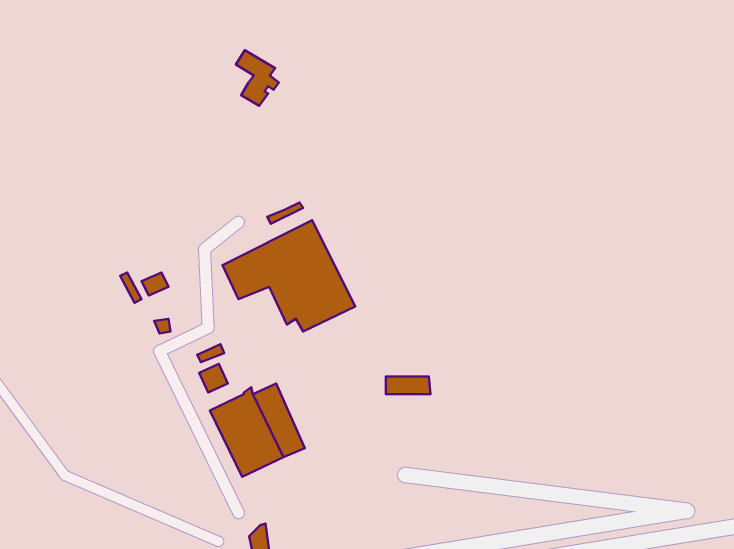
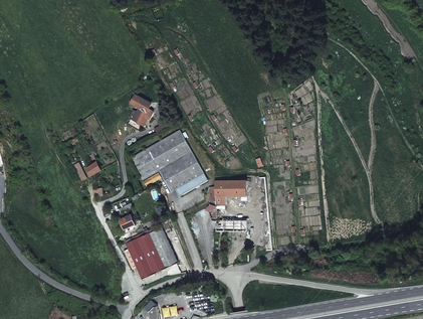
building: [236,50,279,106] -> [131,97,155,128]
building: none -> [215,180,246,204]

